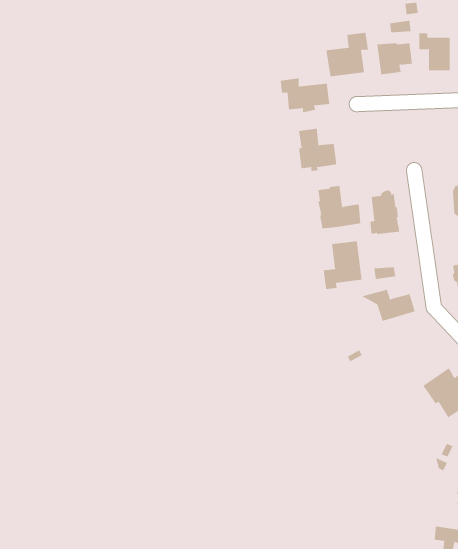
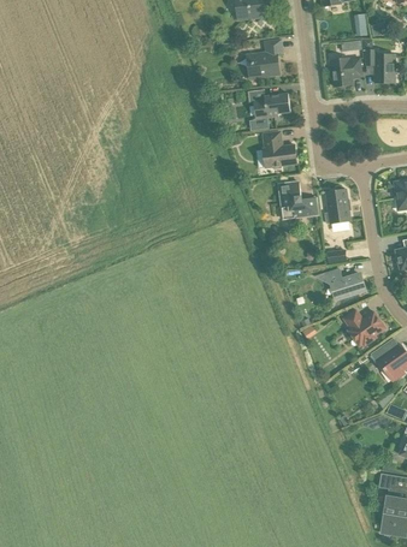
building: [325,32,369,77] -> [247,40,284,78]
building: [323,240,362,290] -> none
building: none -> [344,310,385,346]

